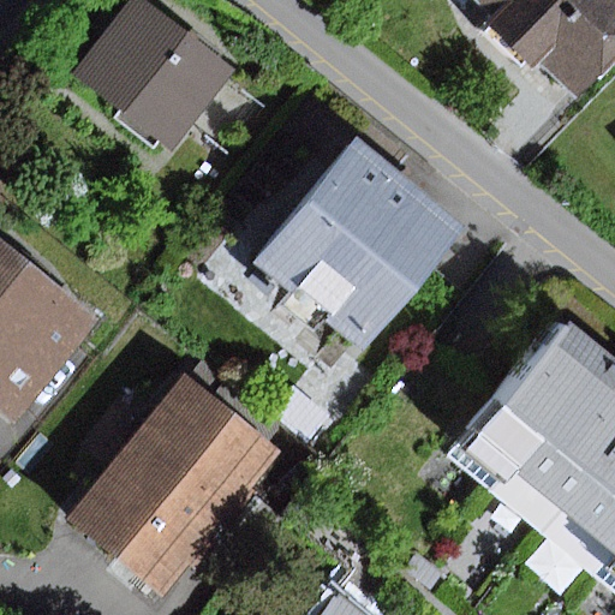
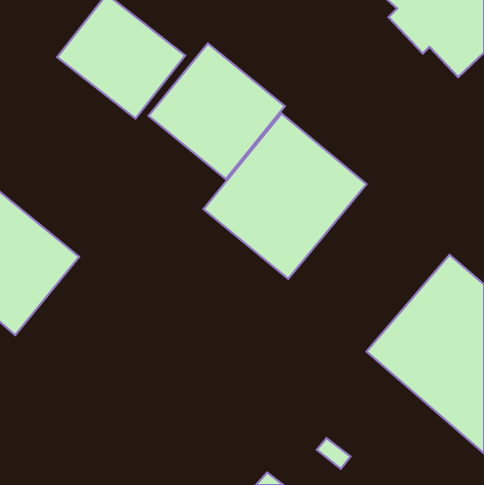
building: none -> [149,44,285,179]
building: [66,372,279,593] -> none

